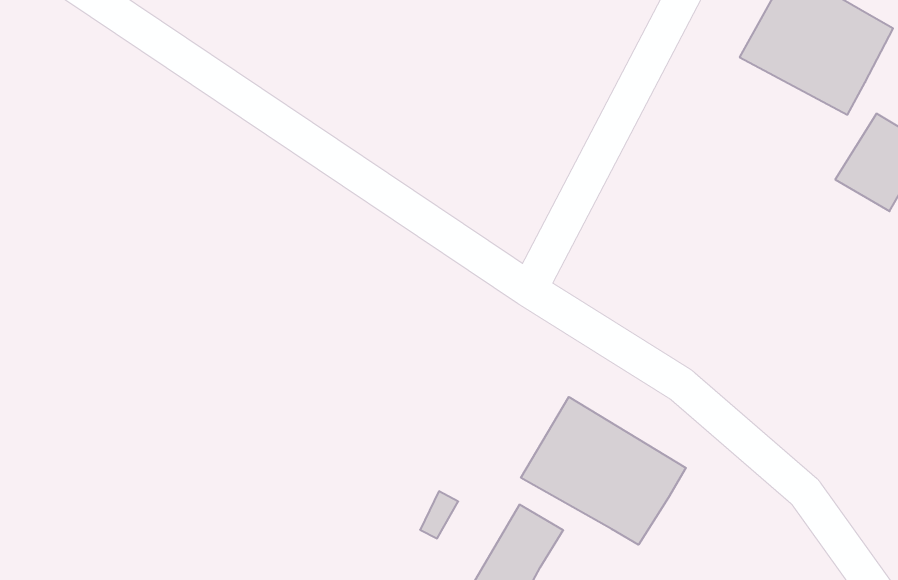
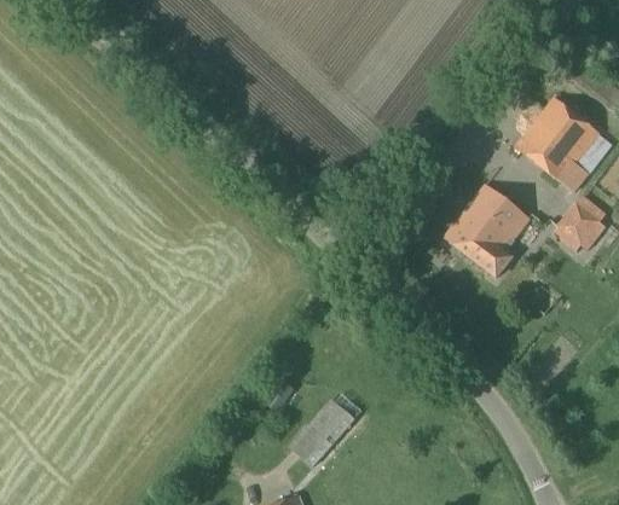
building: none -> [444,185,528,277]
building: [521,397,686,545] -> none

